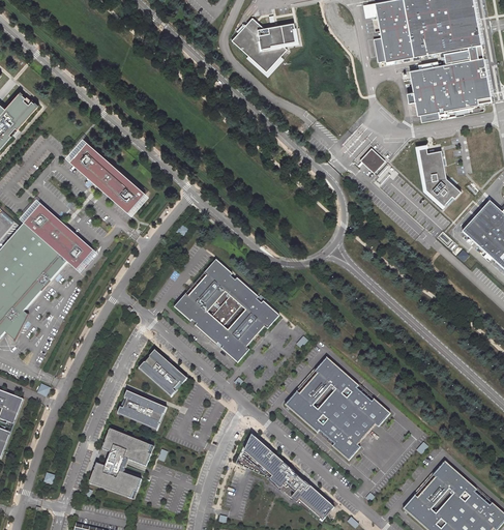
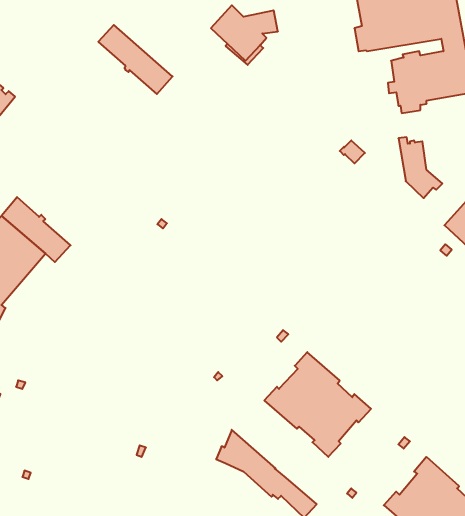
building: [70,142,144,210] -> [98,25,173,94]
building: [173,259,278,362] -> none
building: [138,349,186,396] -> none
building: [117,390,166,431] -> none
building: [88,429,151,498] -> none

